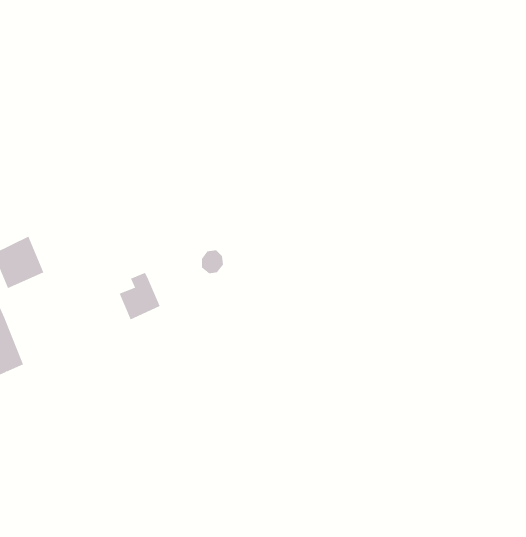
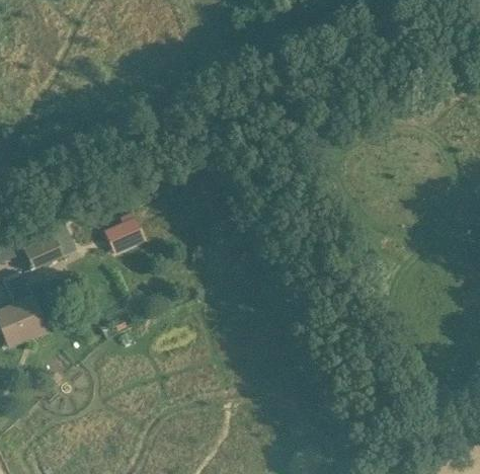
building: [119,272,160,320] -> [109,212,143,250]

